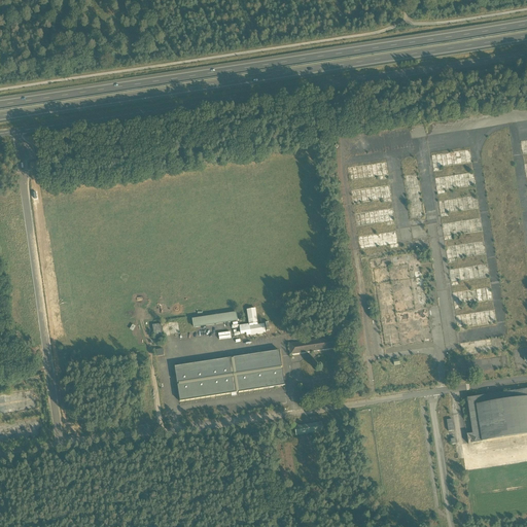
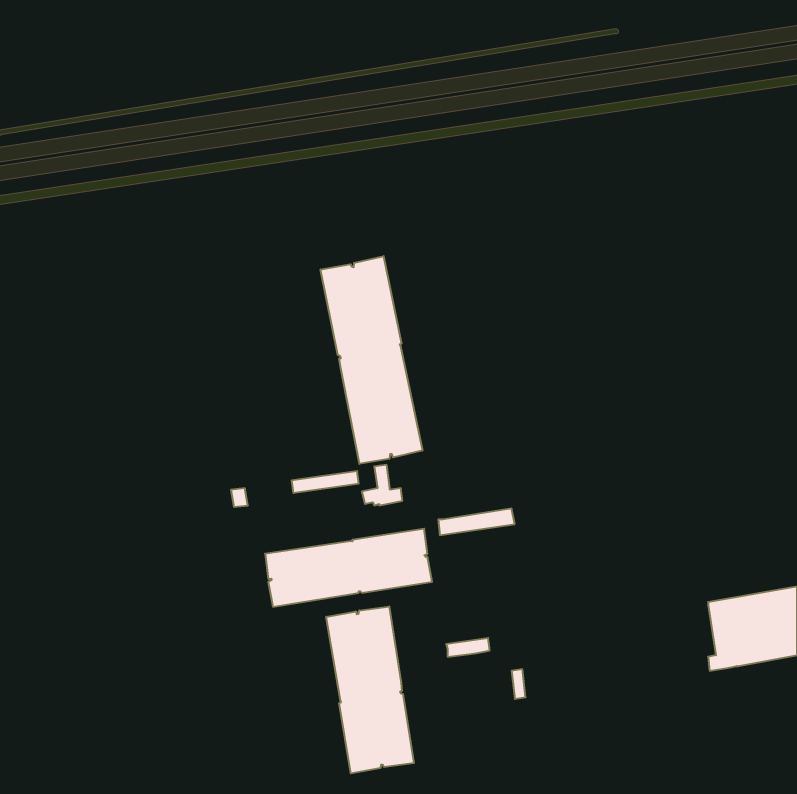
building: none -> [321,256,422,464]
building: none -> [326,606,414,773]

